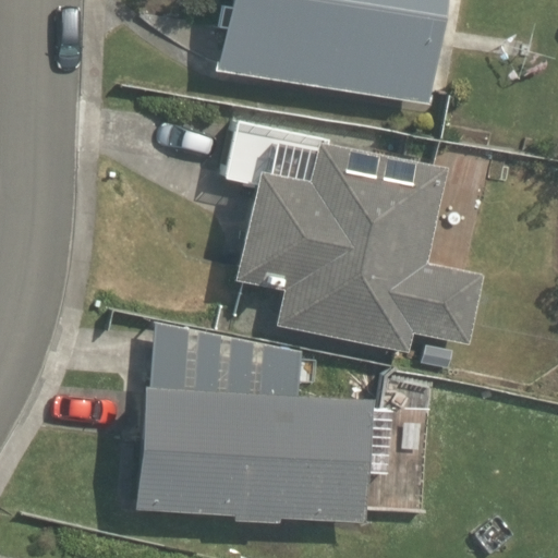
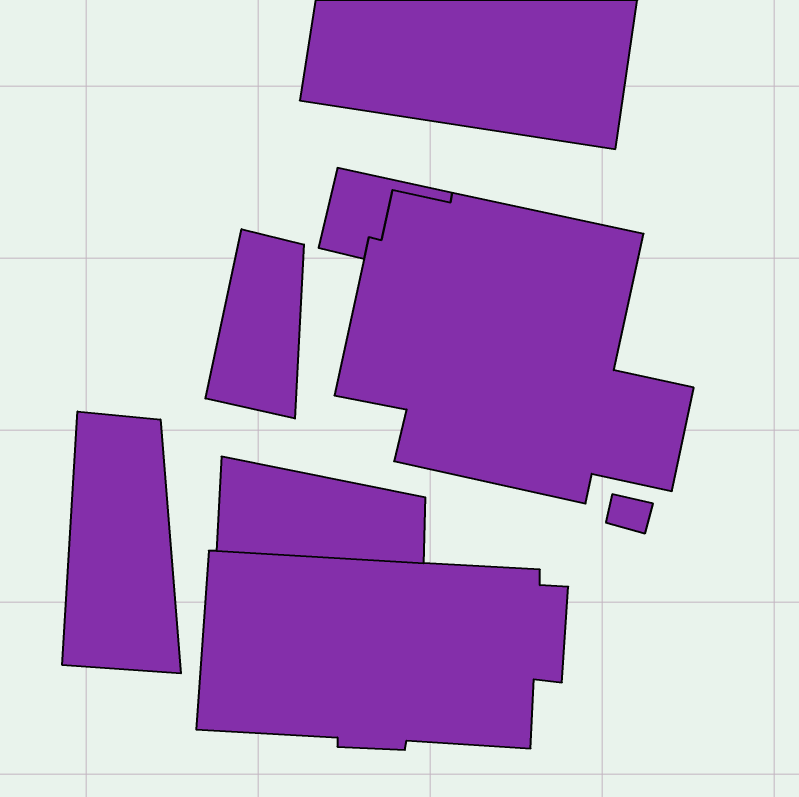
building: none -> [205,229,304,419]
building: none -> [62,411,181,673]

